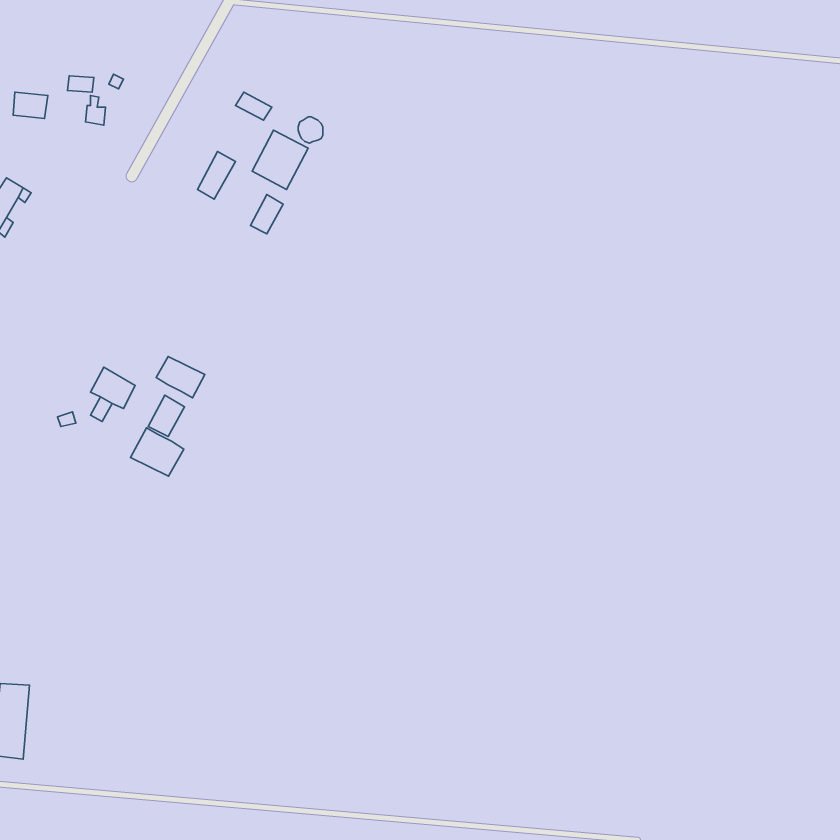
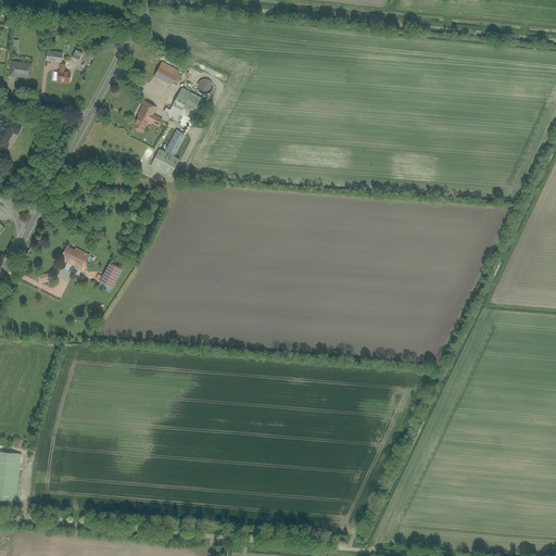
building: [156,356,205,398] -> none
building: [131,428,184,476] -> none

